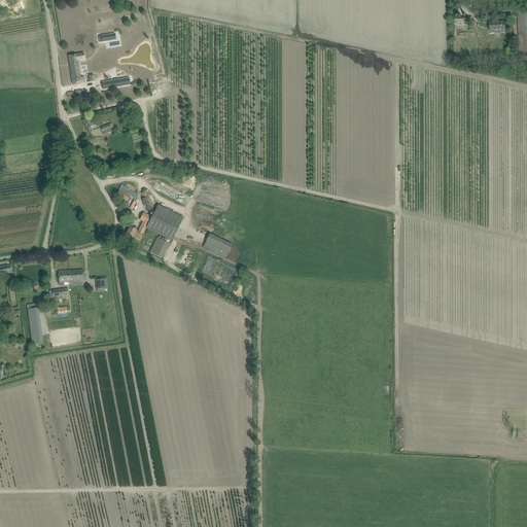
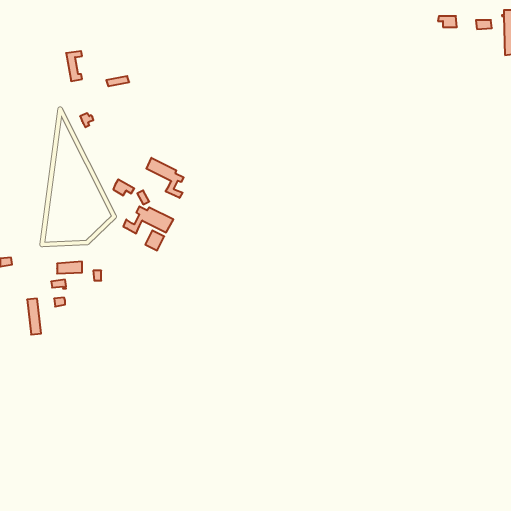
building: none -> [146,158,184,198]
building: [204,233,234,256] -> none

